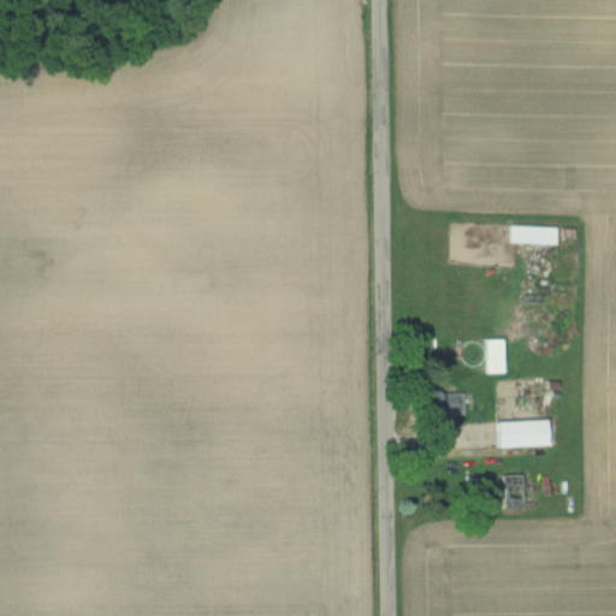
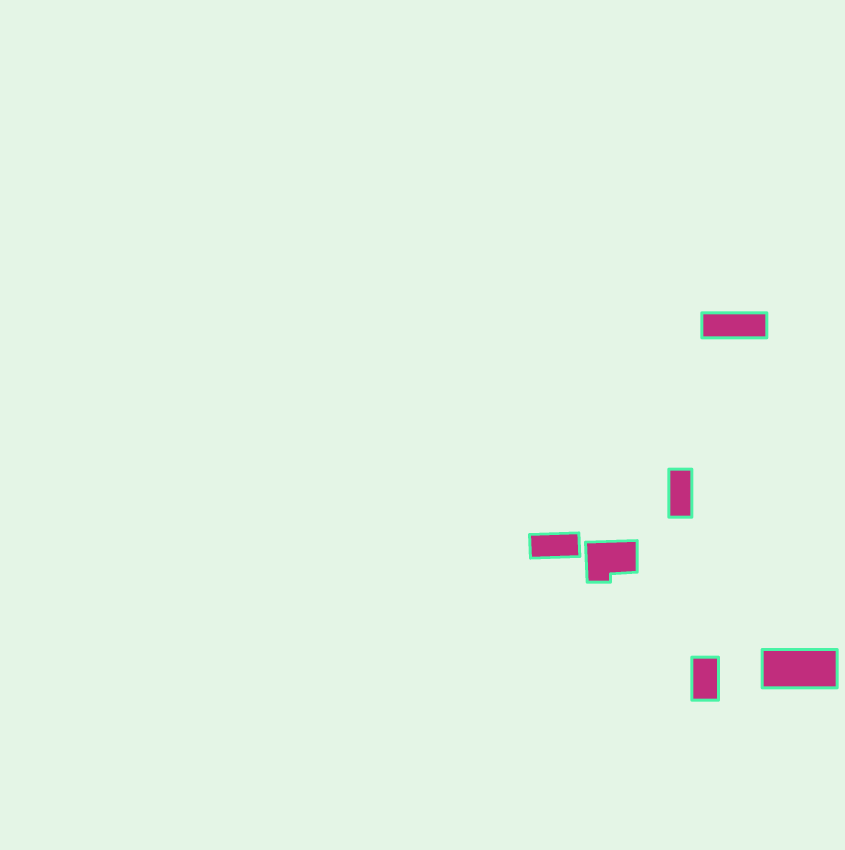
building: none -> [530,533,580,558]
building: [496,420,550,448] -> [762,650,837,688]

